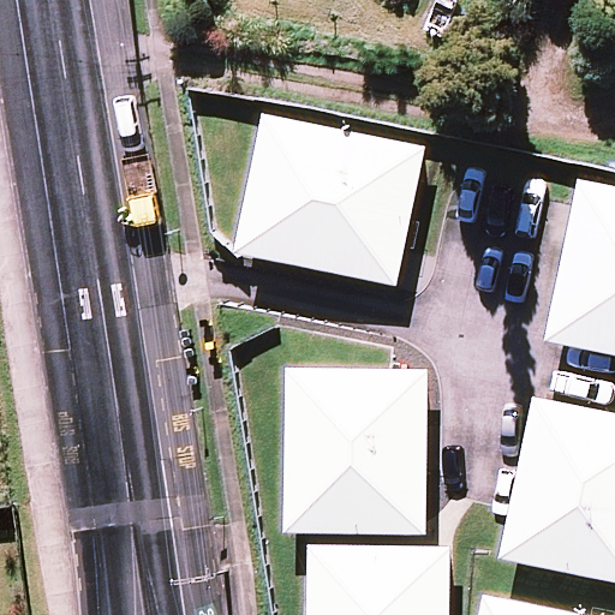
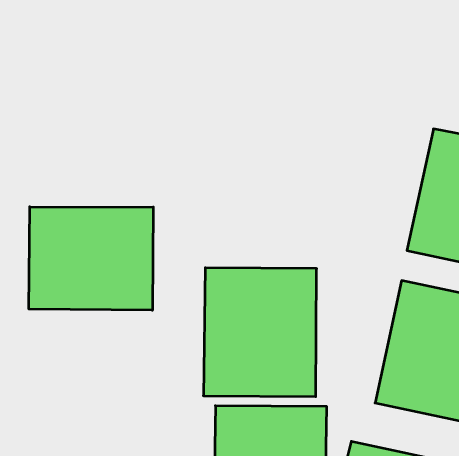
building: [222,107,429,293] -> none
building: none -> [29,207,153,310]

